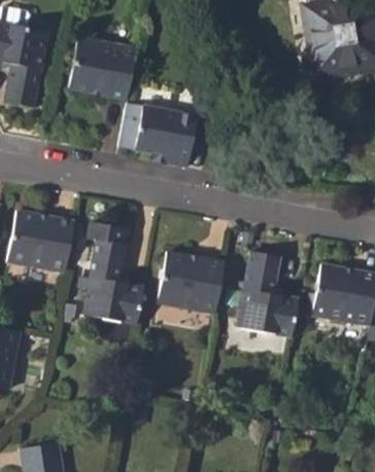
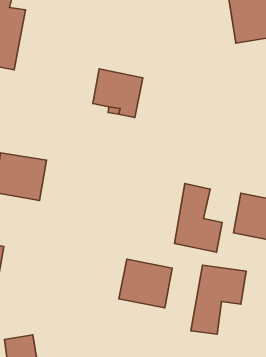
building: [68,37,136,99] -> none
building: [82,222,143,324] -> none
building: [156,251,224,313] -> [119,259,172,308]
building: none -> [191,265,246,334]

